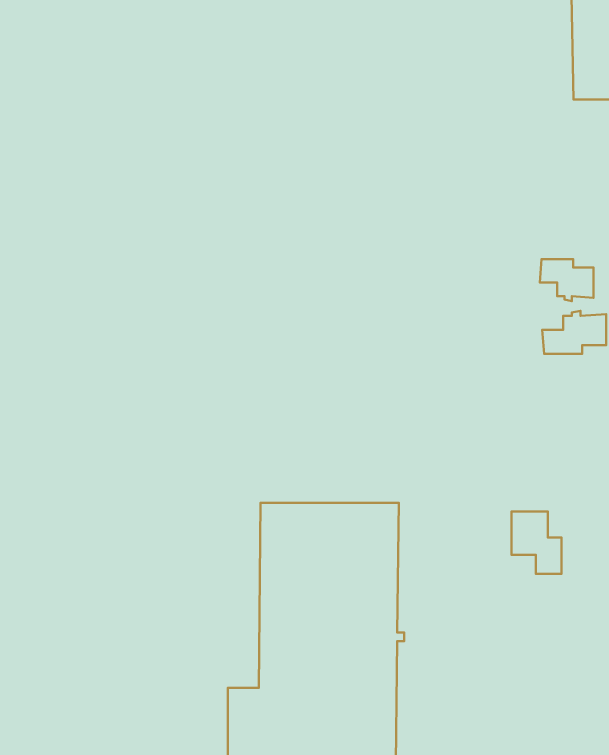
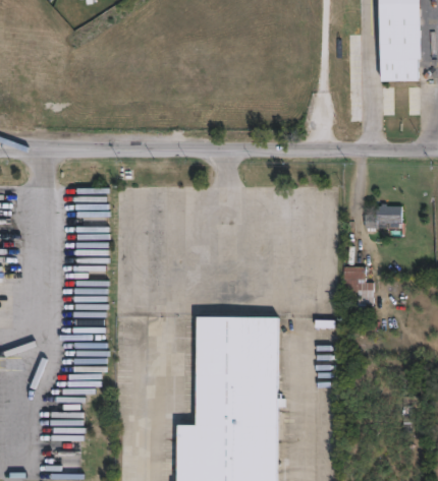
building: [540,259,593,301] -> none
building: [512,512,562,574] -> [343,267,373,304]

